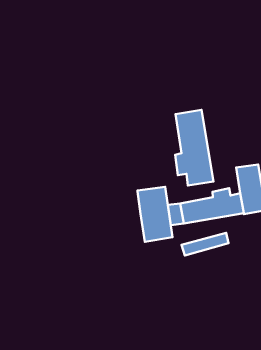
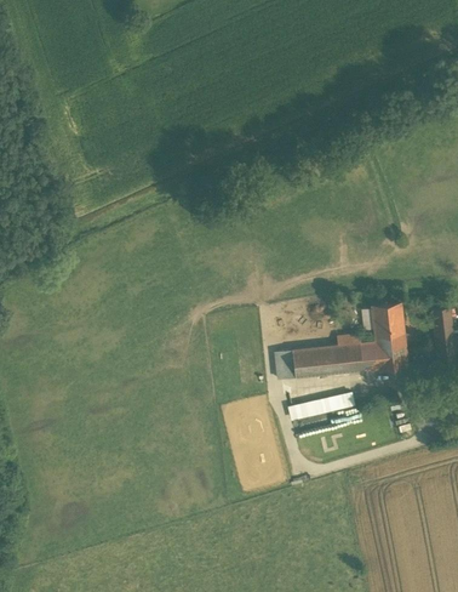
building: [175,110,214,185] -> none
building: [137,187,172,242] -> none

